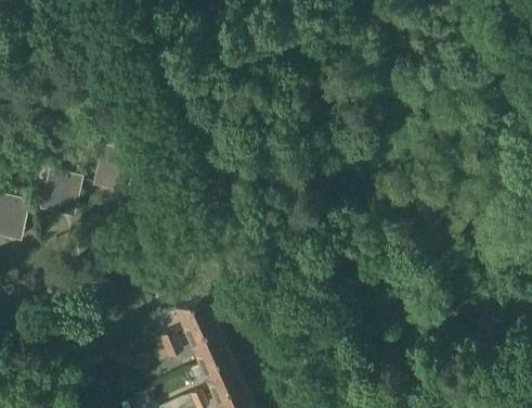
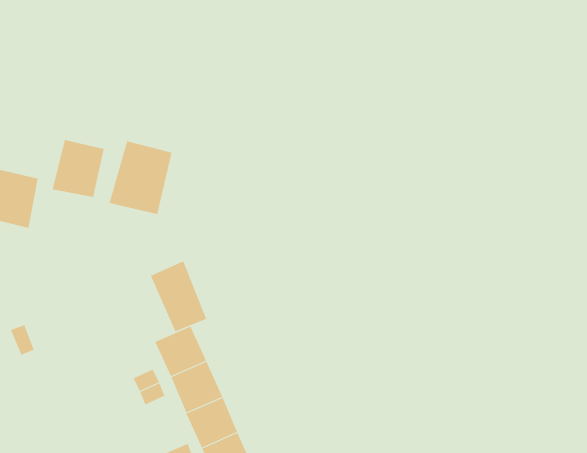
building: none -> [109,141,172,215]
building: none -> [150,261,207,332]

